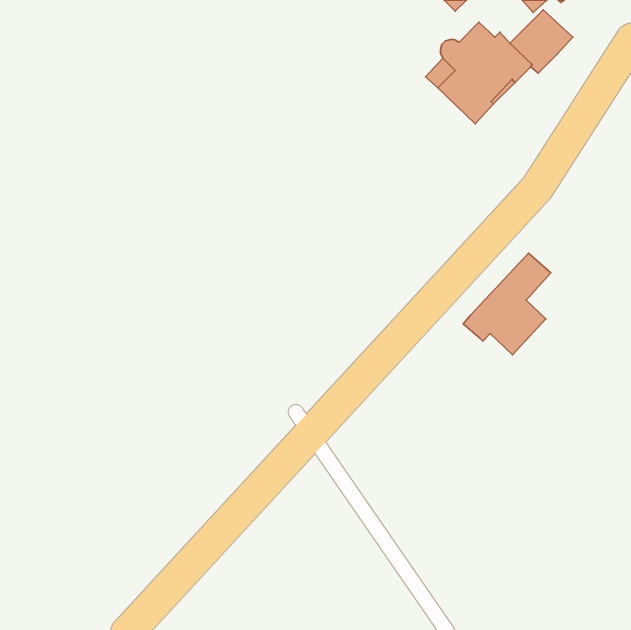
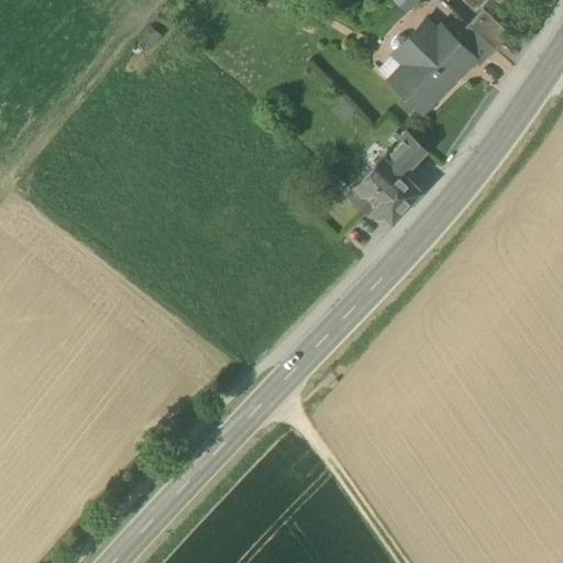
building: [463,253,551,355] -> [349,133,427,223]

